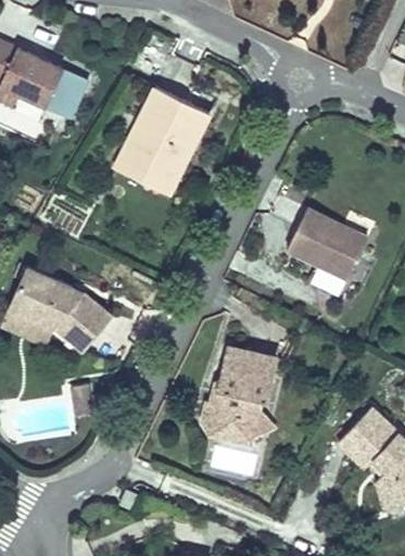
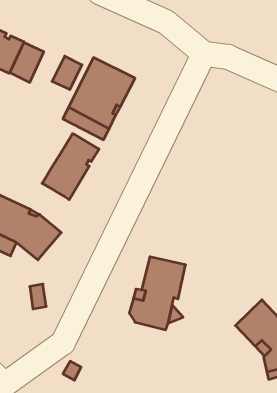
building: none -> [52,56,82,90]
building: none -> [42,134,99,200]
building: [287,208,367,280] -> none

